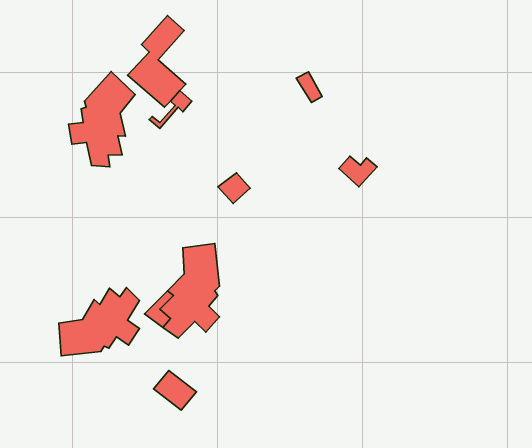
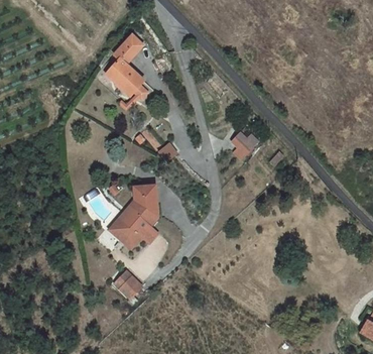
building: [68,71,135,167] -> none
building: [59,288,140,356] -> none

